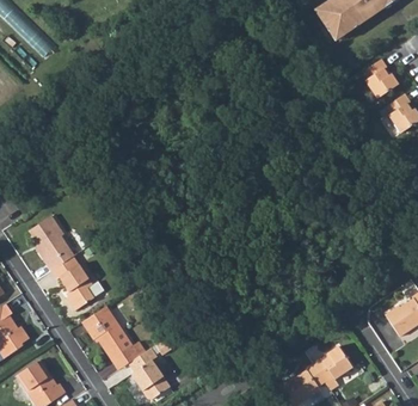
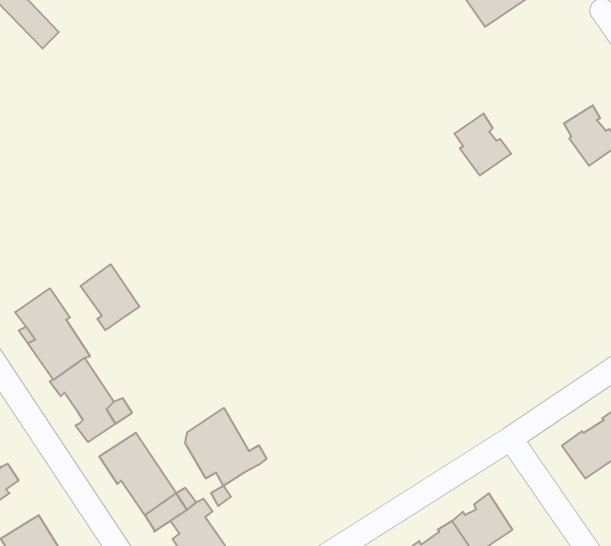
building: [362,57,399,98] -> [454,113,511,176]
building: none -> [80,264,140,330]
building: none -> [185,408,266,486]

